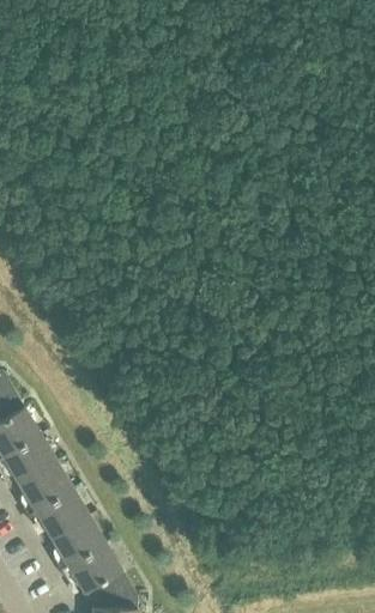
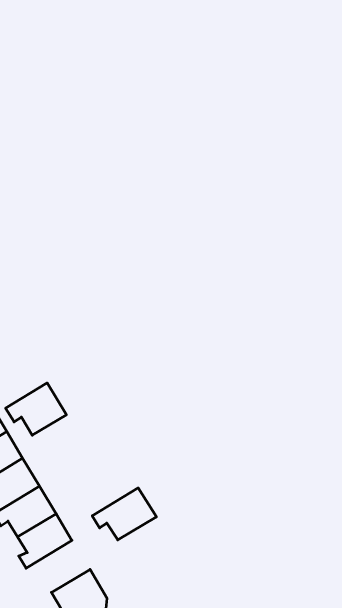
building: none -> [6,383,66,435]
building: [58,538,121,589] -> [92,488,156,540]

